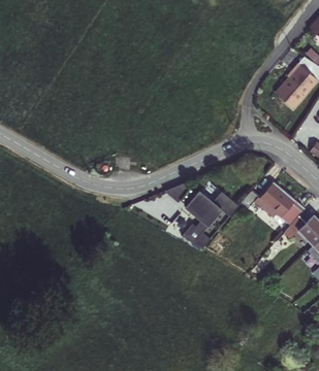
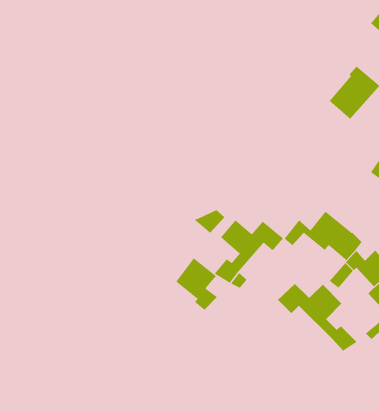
building: none -> [175,257,218,311]
building: none -> [277,283,357,352]

